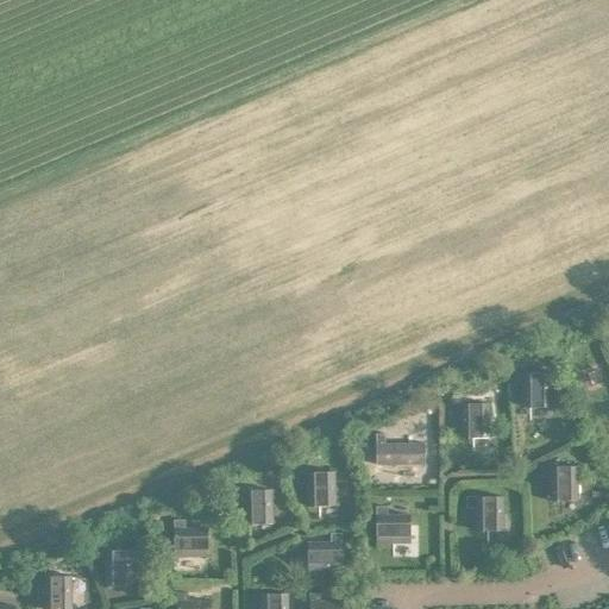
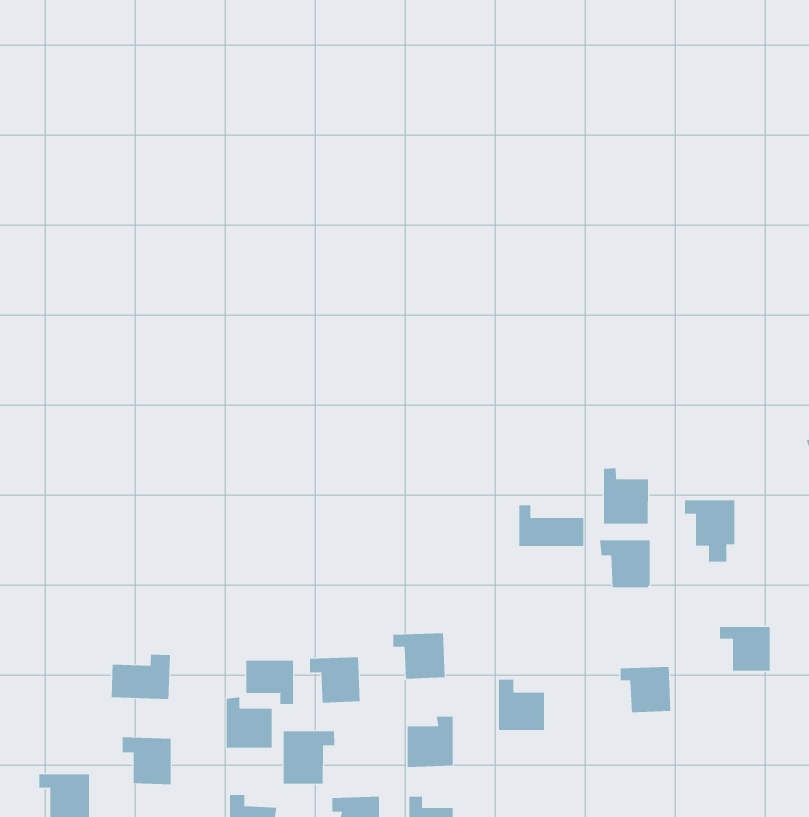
building: none -> [603,468,648,524]
building: [377,433,426,464] -> [518,505,584,546]
building: none -> [111,654,170,700]
building: none -> [246,660,293,705]
building: none -> [283,731,335,785]

